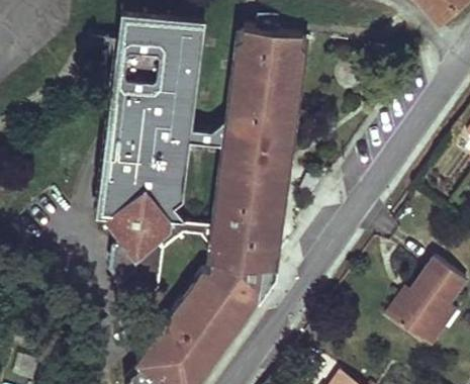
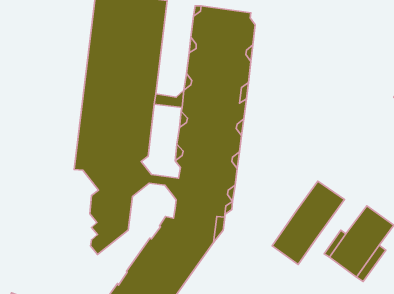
building: none -> [272,181,345,265]

